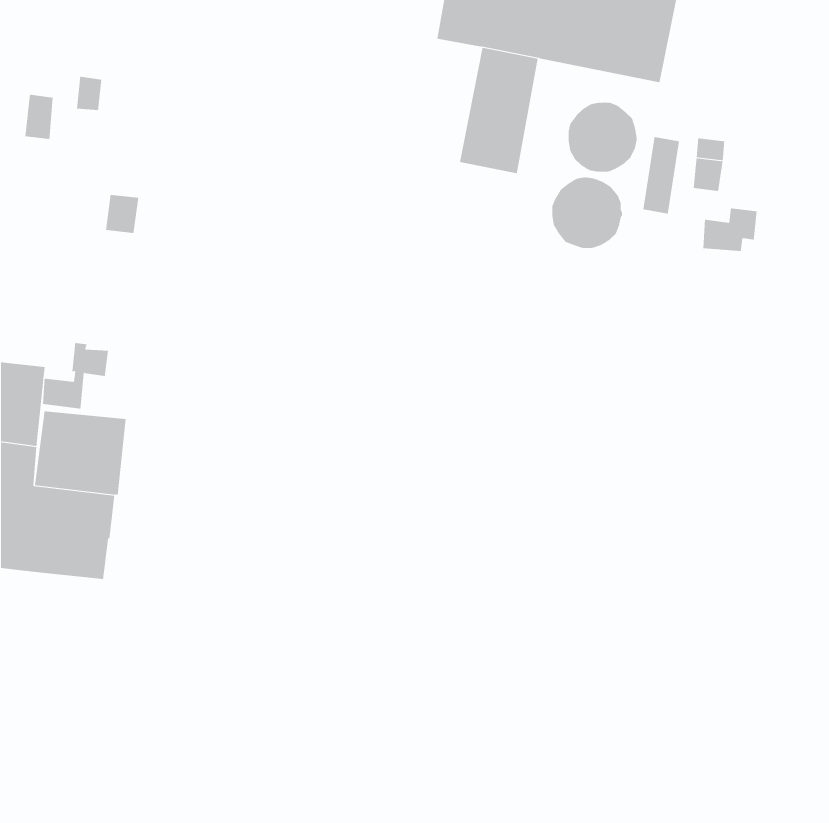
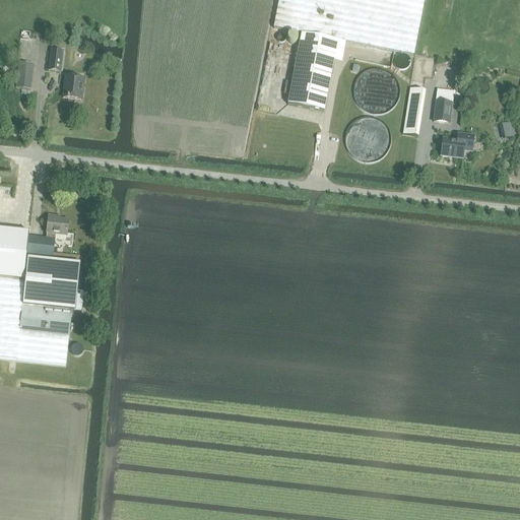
building: [105,194,139,233] -> [64,75,85,100]

